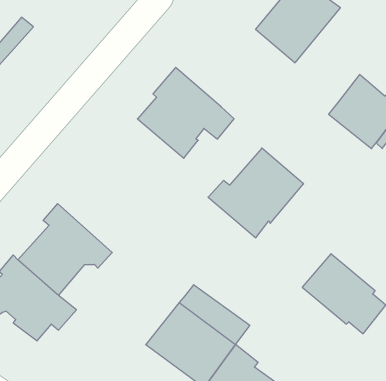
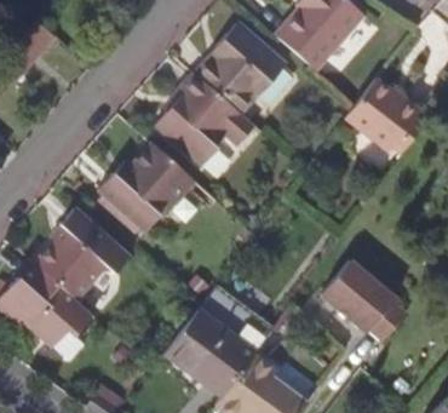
building: none -> [194,23,283,113]
building: [208,148,304,238] -> [94,144,191,235]

